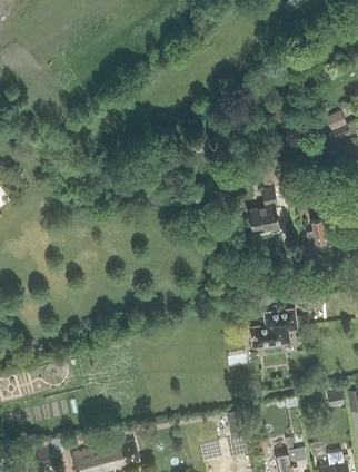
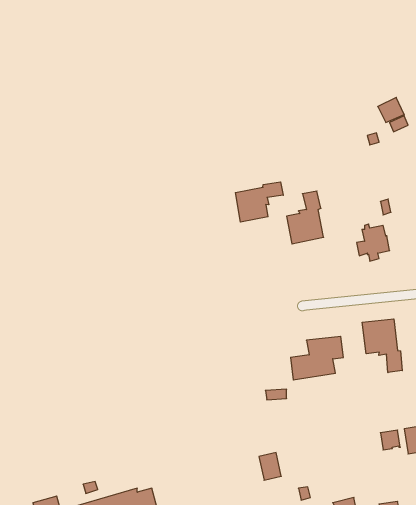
building: none -> [235,182,283,222]
building: none -> [362,319,402,373]

